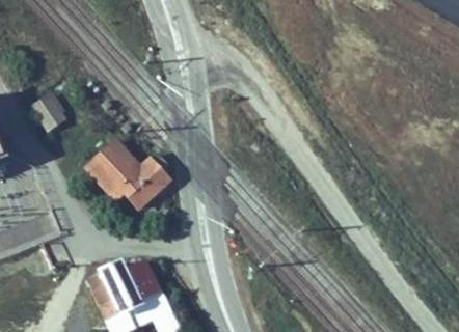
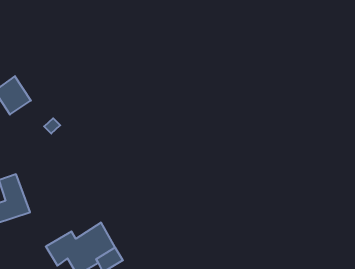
building: [97,148,162,202] -> none

